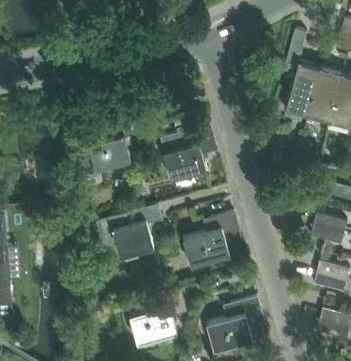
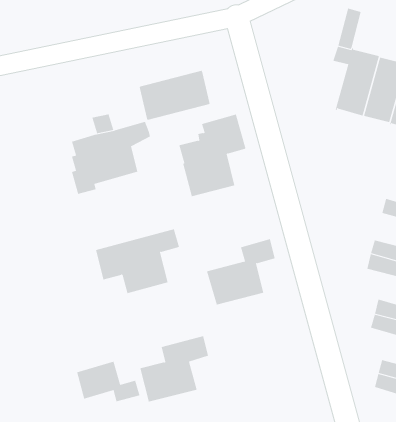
building: none -> [137,70,213,121]
building: [206,298,264,351] -> none
building: none -> [77,361,140,402]

